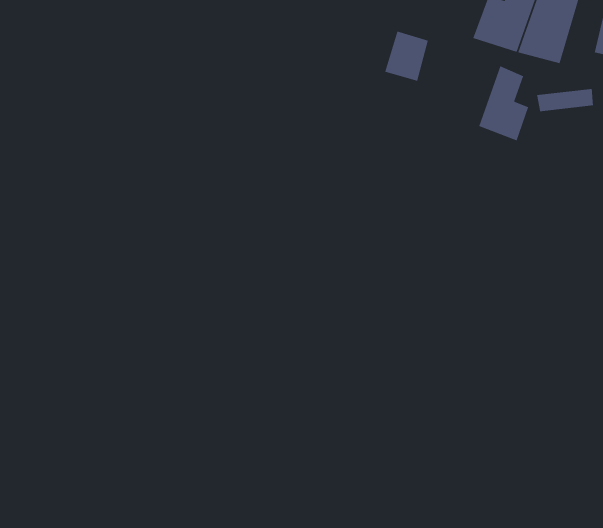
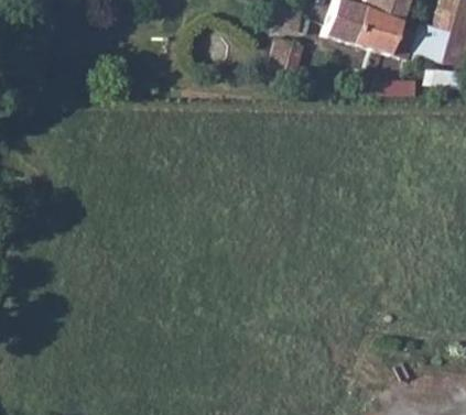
building: [478,65,529,142] -> none

